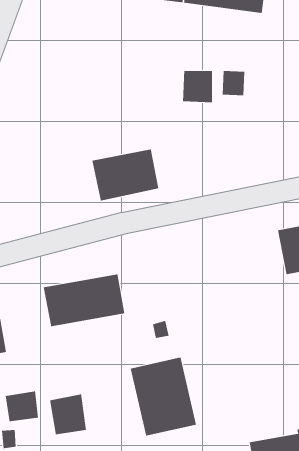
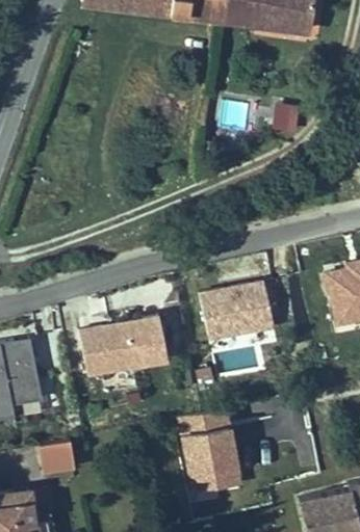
building: [183,70,213,103] -> none
building: [92,149,159,201] -> [203,283,276,339]
building: [50,394,87,435] -> none

